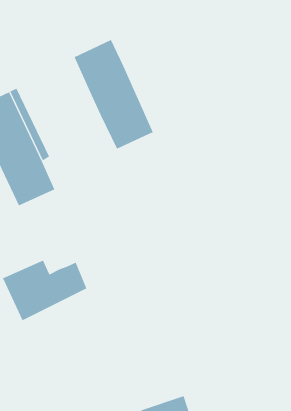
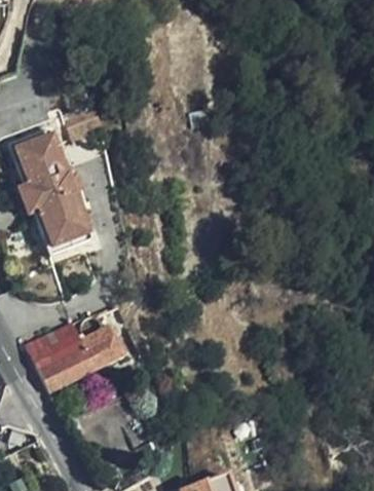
building: [74,39,154,150] -> none

